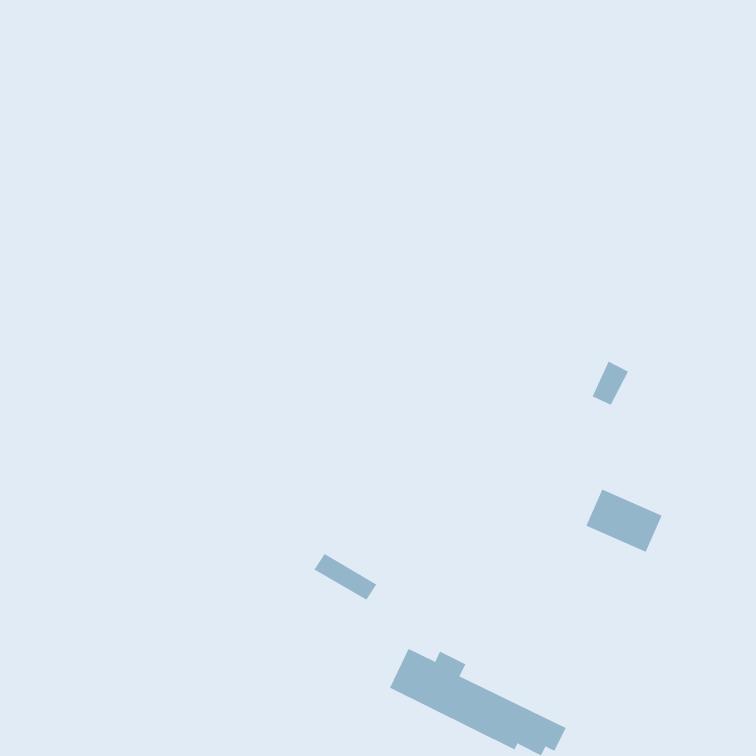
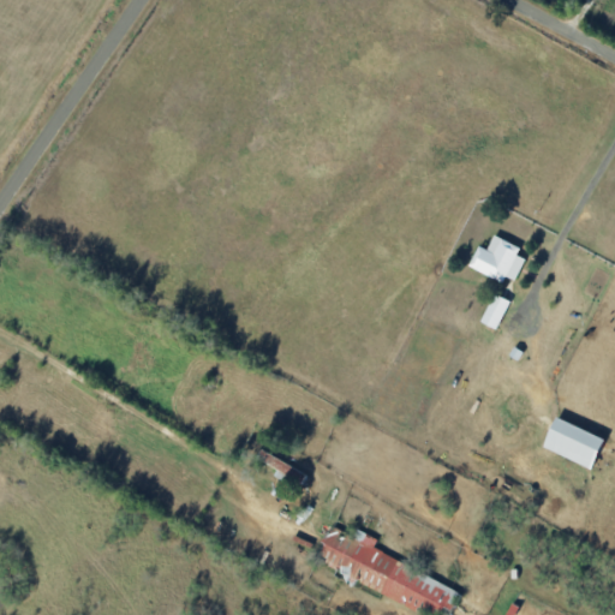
building: none -> [468,235,525,281]
building: [585,489,662,553] -> [542,417,604,468]

